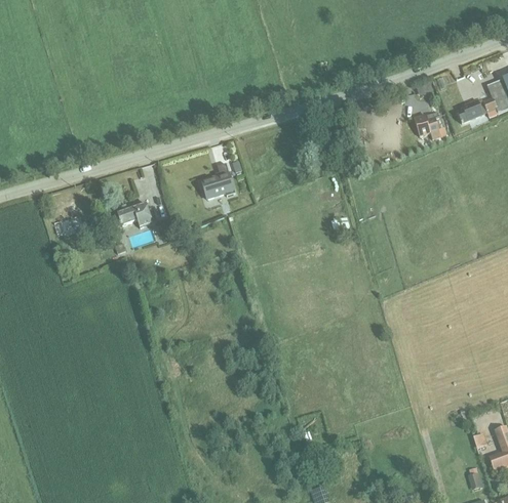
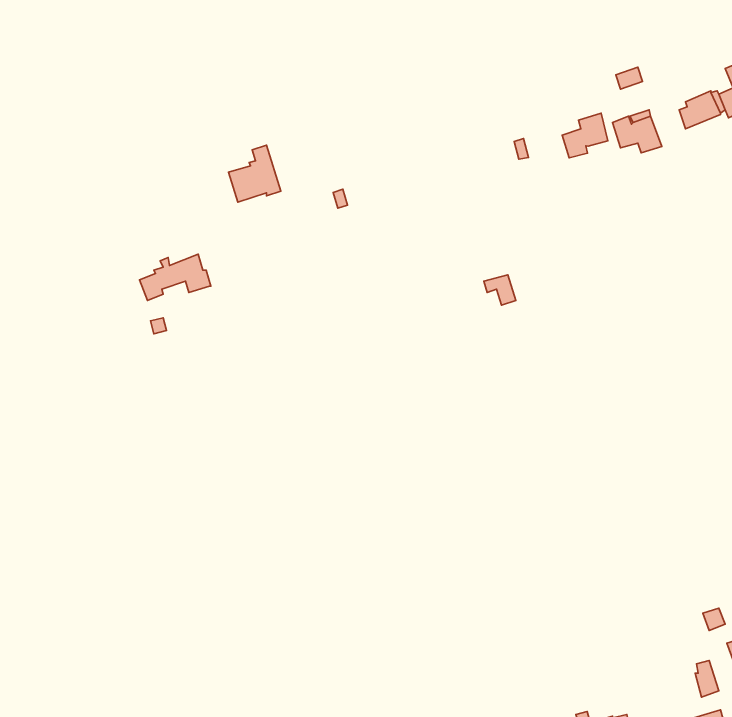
building: none -> [562,113,608,158]
building: [201,163,235,200] -> [228,145,281,202]

